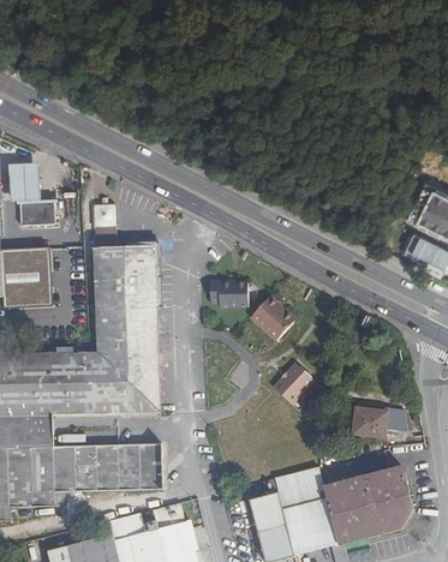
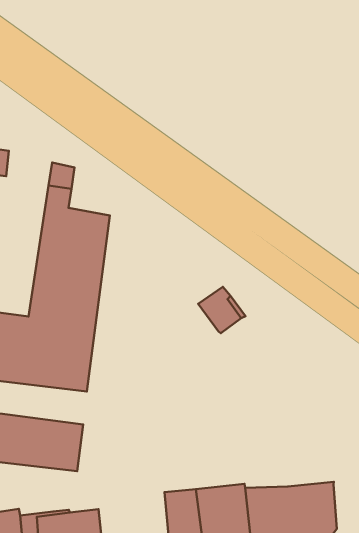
building: [210,280,252,307] -> none
building: [274,363,315,405] -> none
building: [353,405,395,438] -> none
building: [109,512,145,538] -> none

